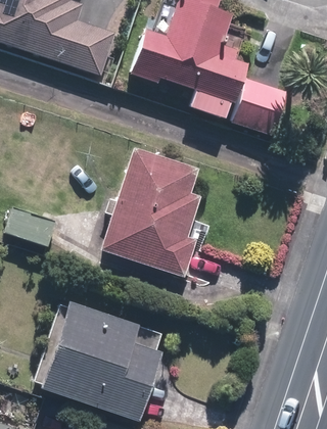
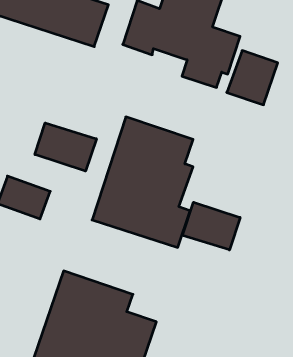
building: none -> [35,123,96,171]
building: none -> [182,202,240,250]

